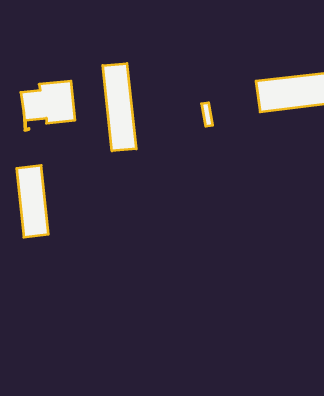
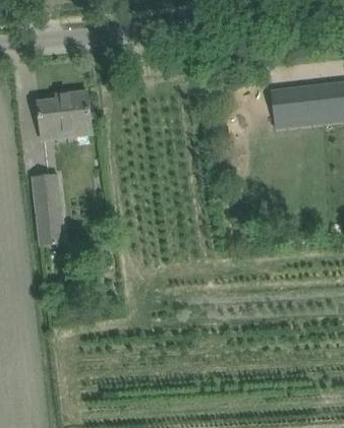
building: [103,63,136,151] -> none

